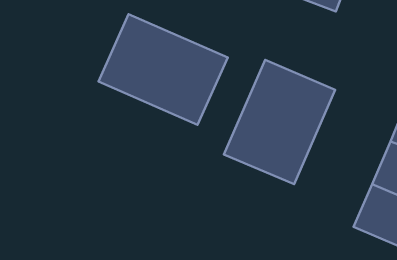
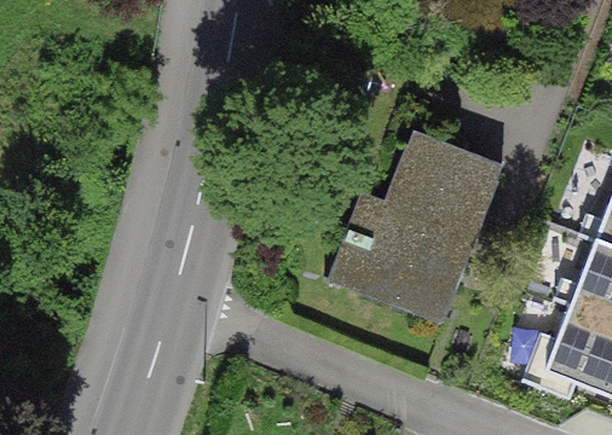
building: [98,14,228,125] -> none

